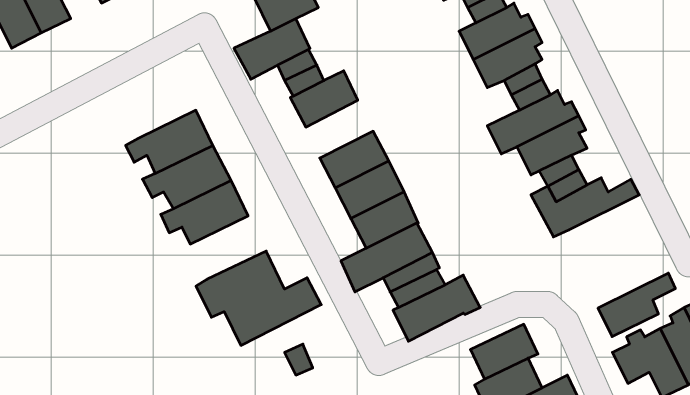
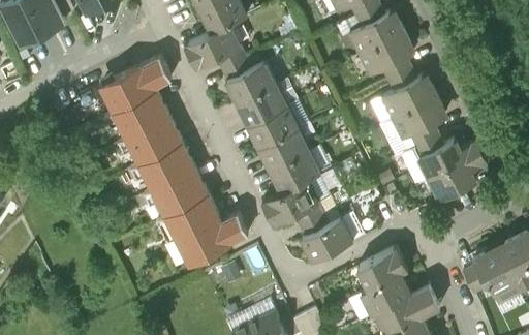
building: none -> [101,58,172,113]
building: none -> [237,85,286,127]
building: none -> [143,170,208,216]
building: [598,273,675,337] -> [430,154,487,201]

